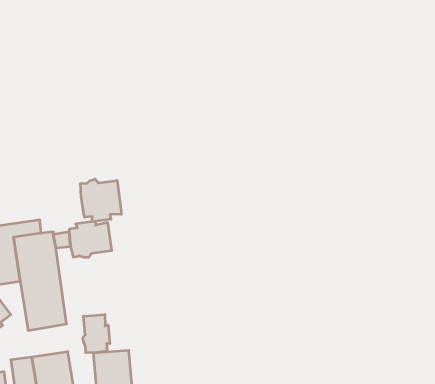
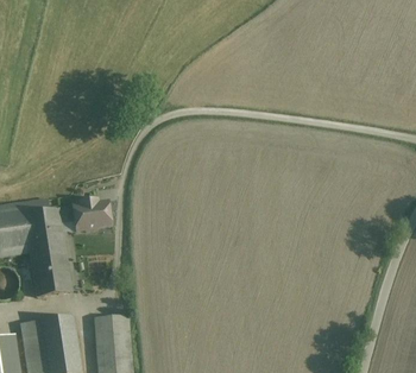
building: [80,179,121,222] -> none
building: [83,314,110,353] -> none

